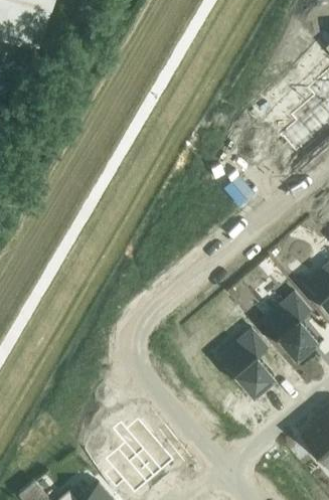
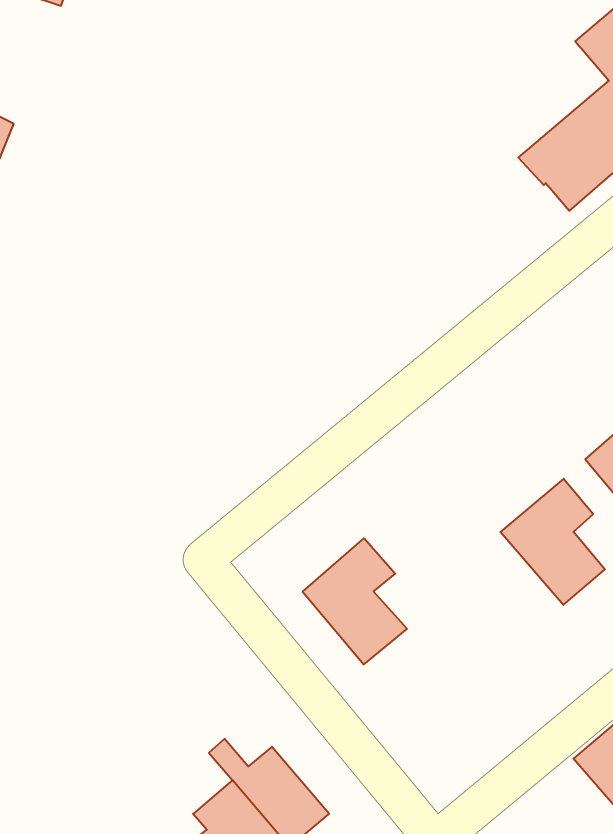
building: [220,328,274,392] -> [303,538,407,664]

